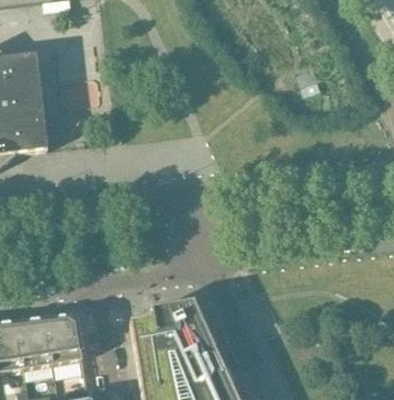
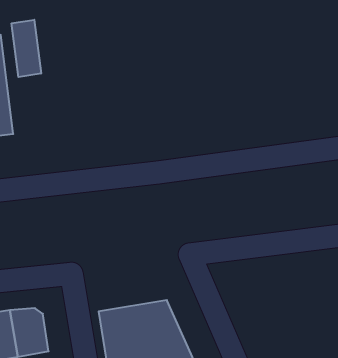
building: none -> [12,20,41,77]

